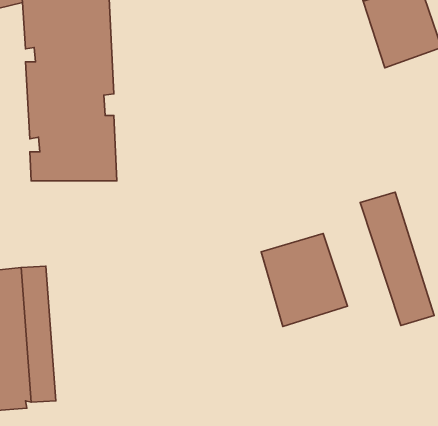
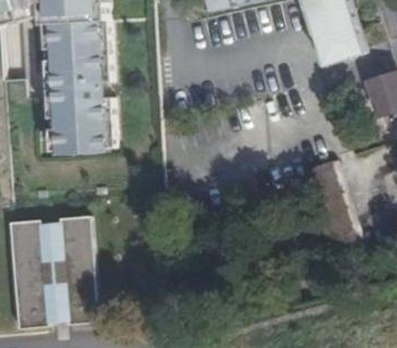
building: [261,233,347,327] -> none
building: none -> [59,216,98,325]

